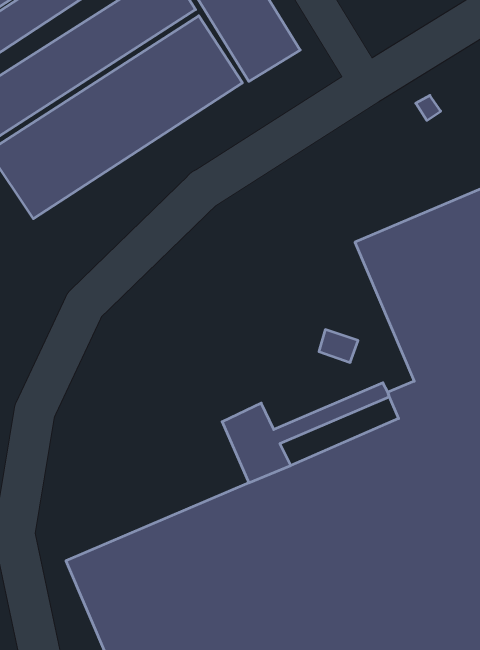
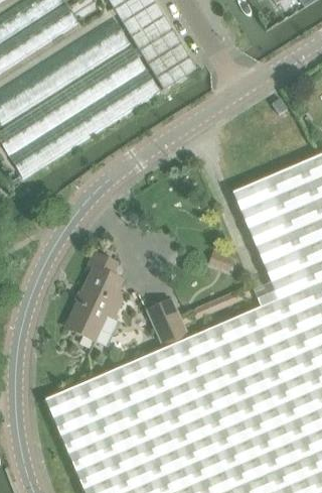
building: none -> [70,253,125,342]

